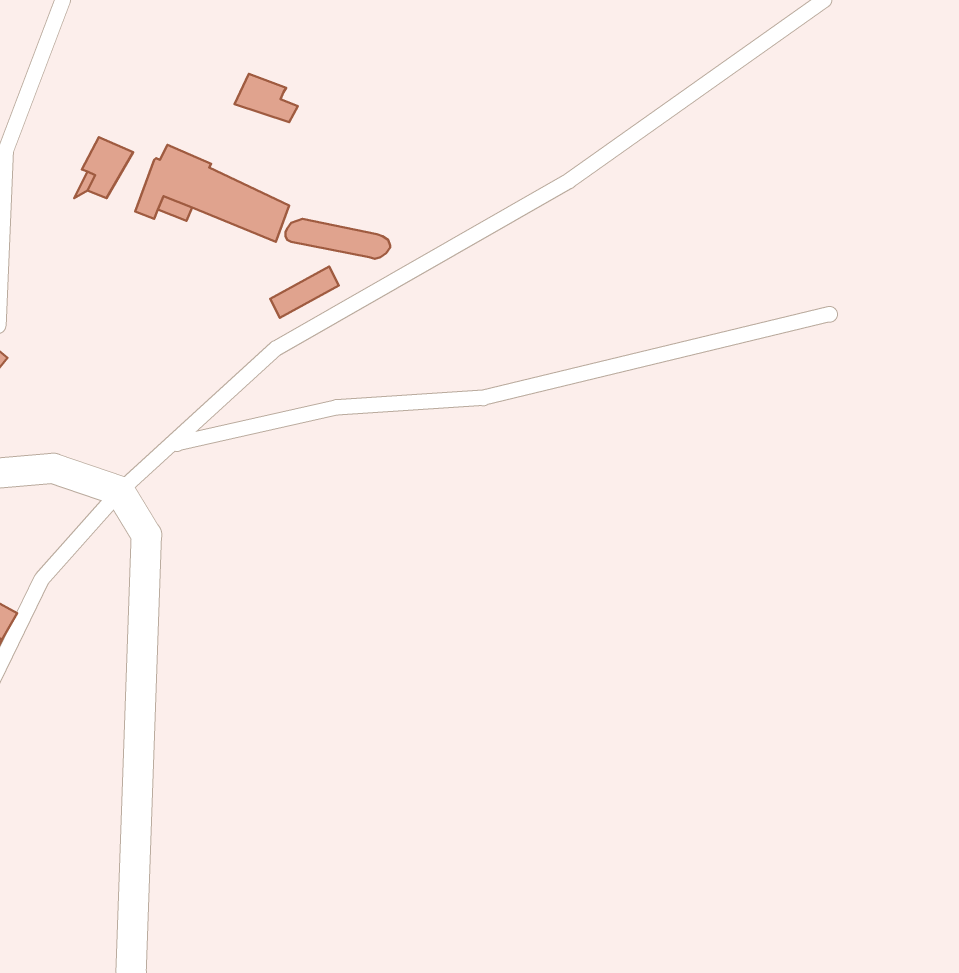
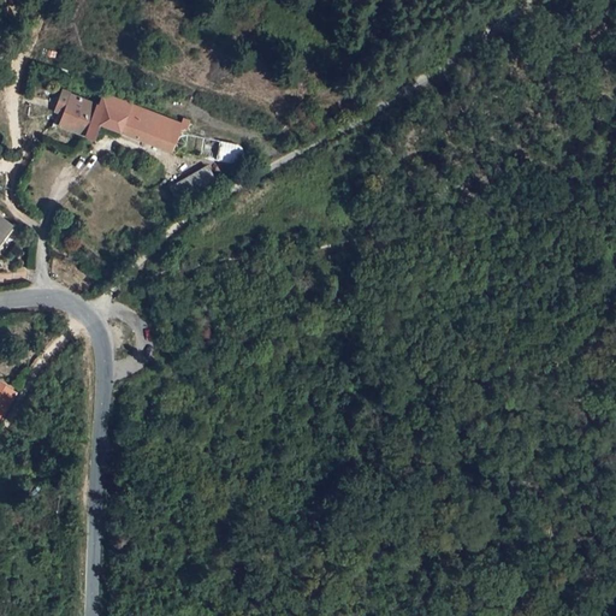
building: [235,74,298,122] -> none
building: none -> [67,96,97,134]

